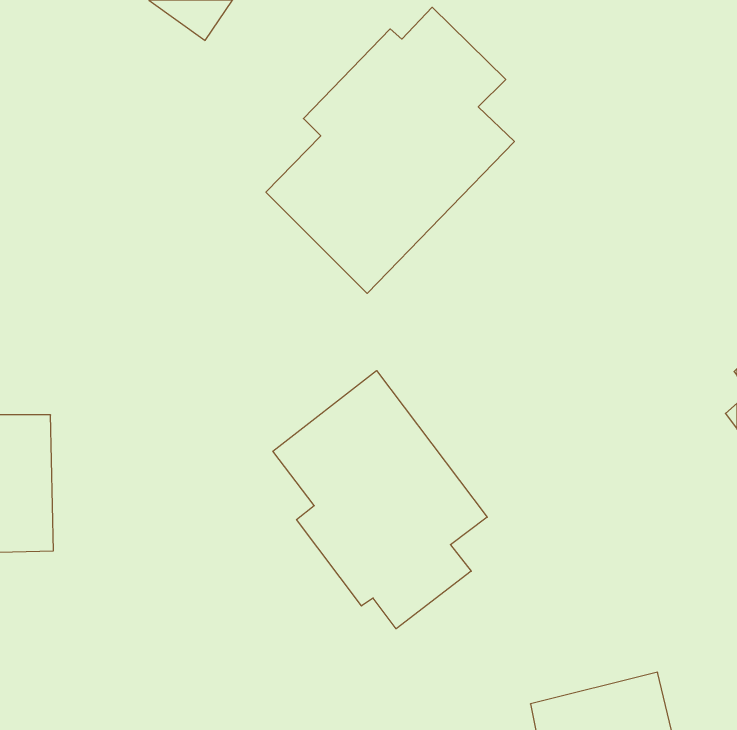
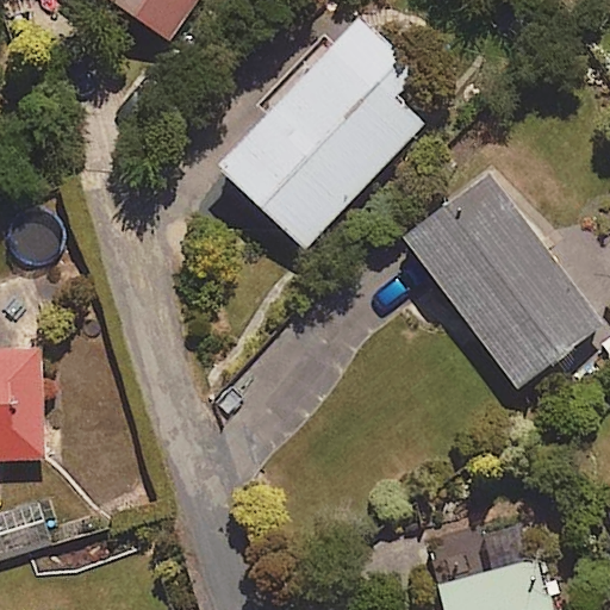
building: none -> [404,173,603,387]
building: [273,371,487,629] -> none

